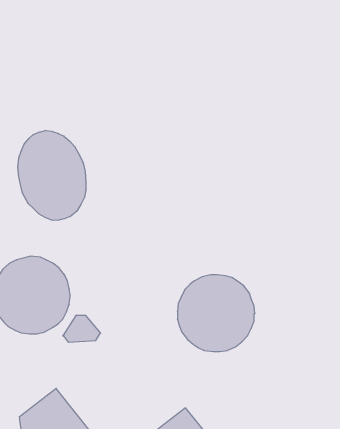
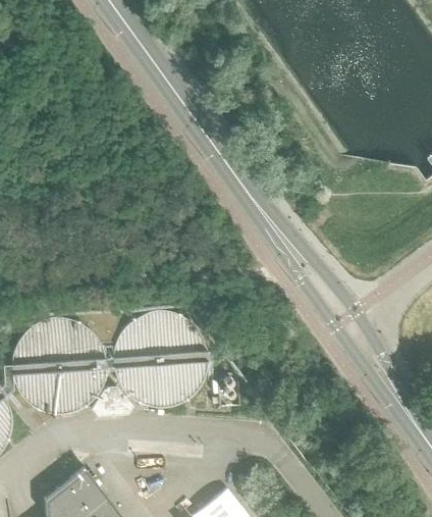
building: [18,130,86,220] -> none
building: [177,275,255,352] -> [117,321,203,406]

